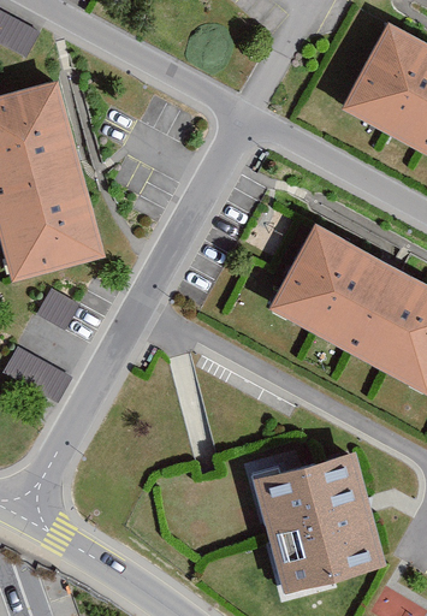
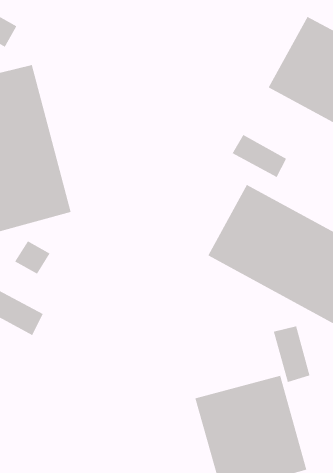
building: none -> [232,134,287,178]
building: none -> [273,326,310,383]

